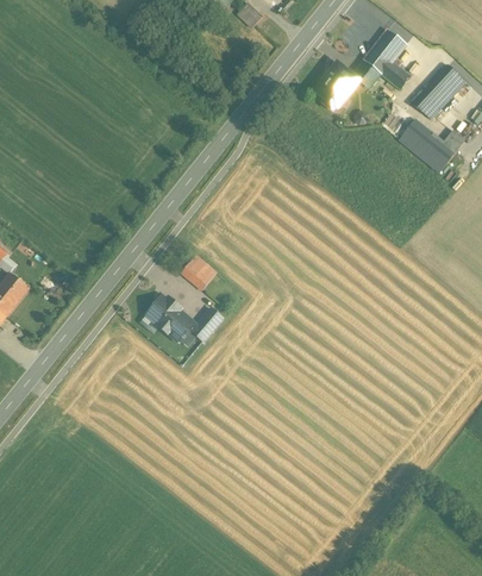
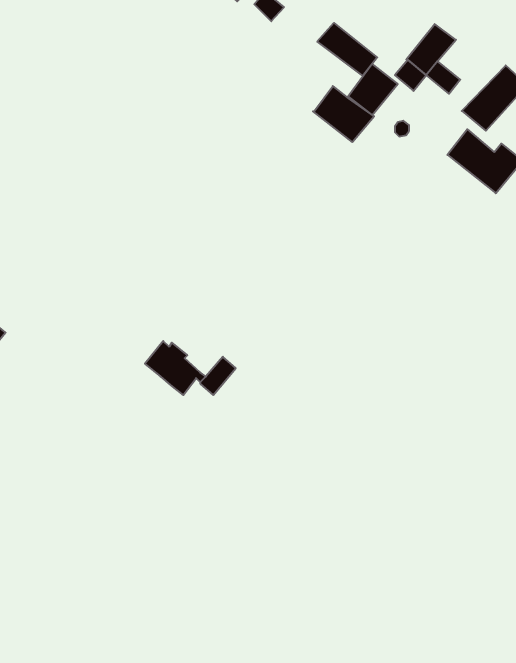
building: none -> [317,23,377,76]
building: none -> [313,86,374,142]
building: [180,255,214,289] -> none

